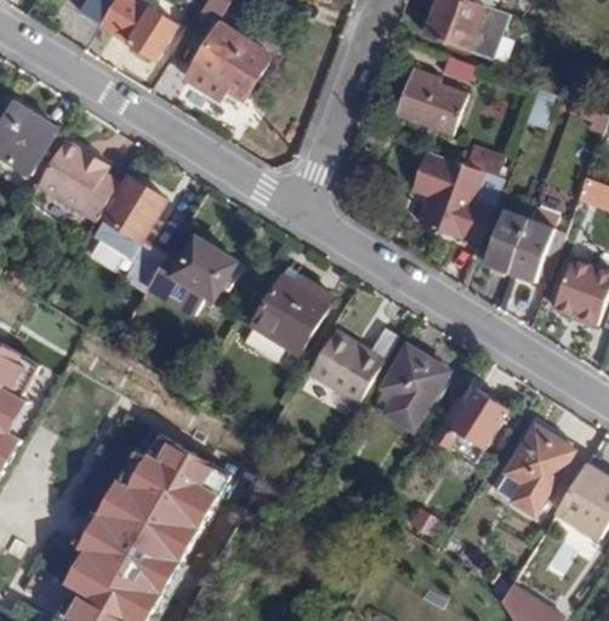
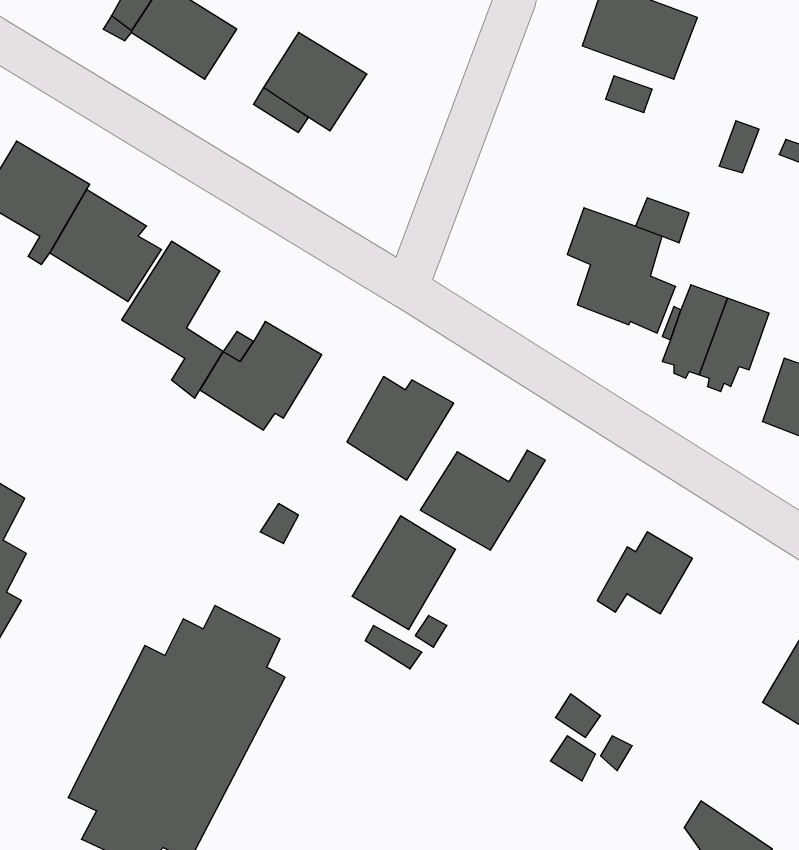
building: [397,69,468,135] -> none
building: [372,346,448,428] -> [352,516,456,630]
building: [496,425,574,513] -> none

